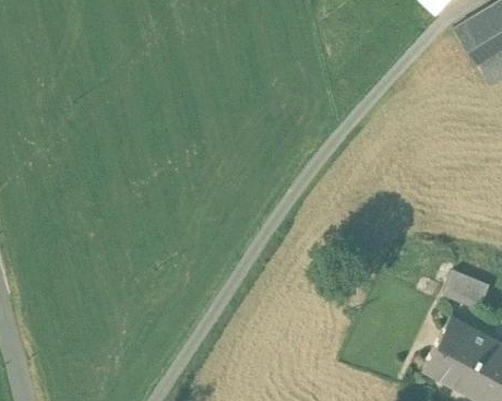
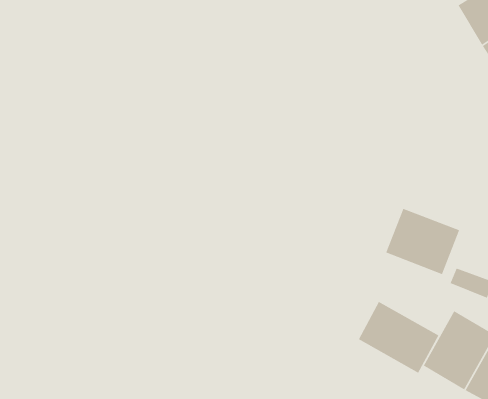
building: none -> [385,208,460,275]
building: none -> [358,301,439,374]

